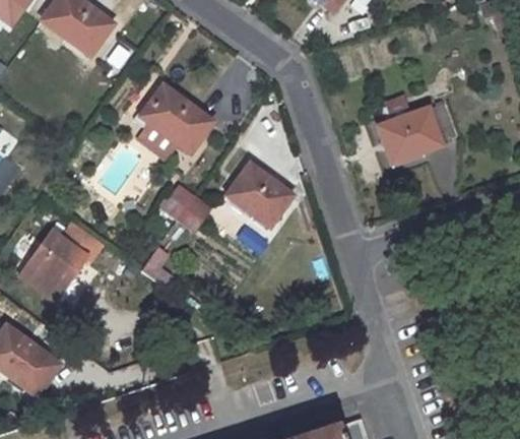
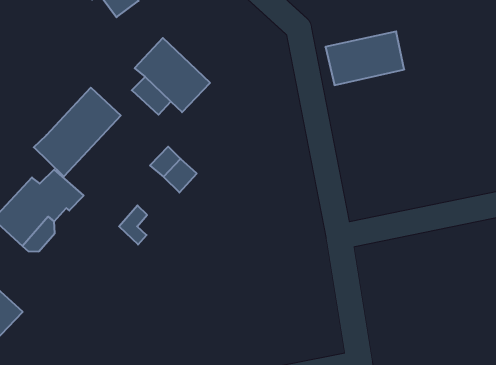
building: [377,101,455,160] -> [325,31,404,85]
building: none -> [34,88,121,176]
building: [225,161,290,225] -> none

